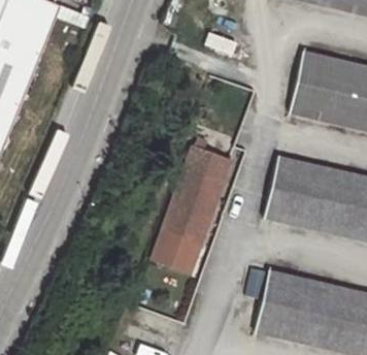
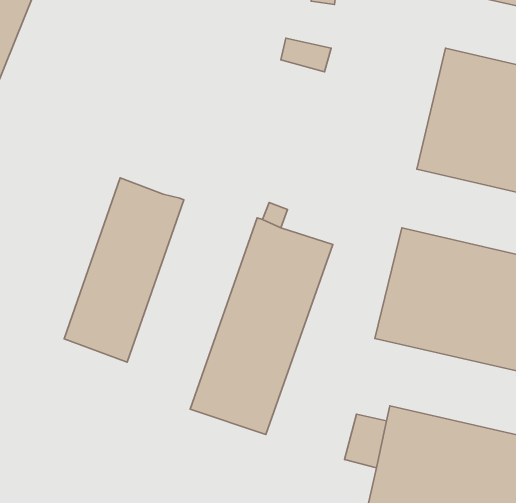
building: none -> [64,178,184,362]

